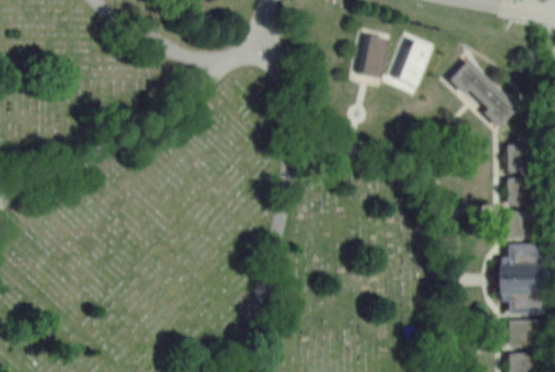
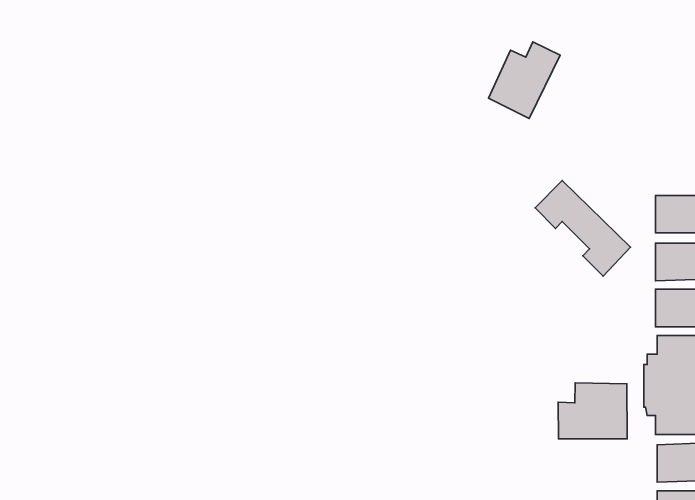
building: [356,31,393,79] -> none
building: [450,59,518,127] -> [535,181,631,276]
building: none -> [558,383,627,439]

